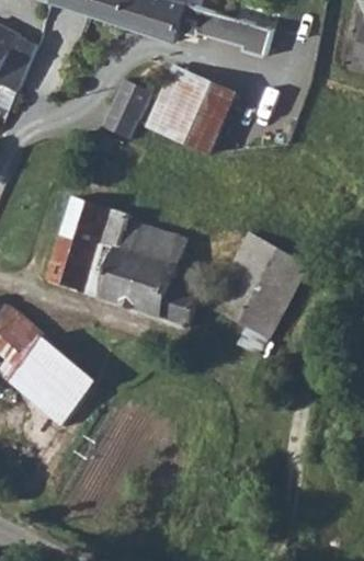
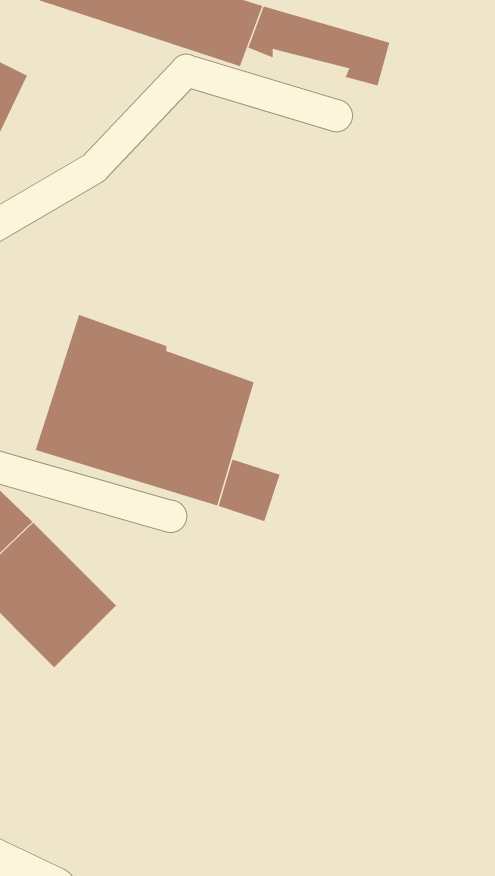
building: [141,64,241,158] -> none
building: [102,72,150,130] -> none
building: [211,233,307,337] -> none

